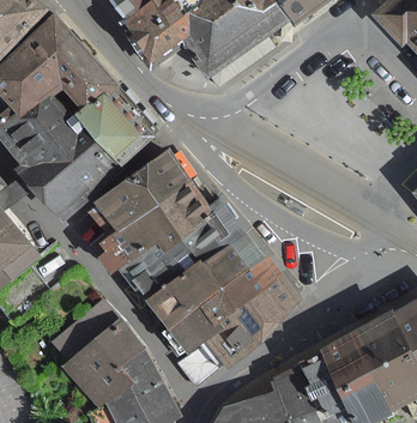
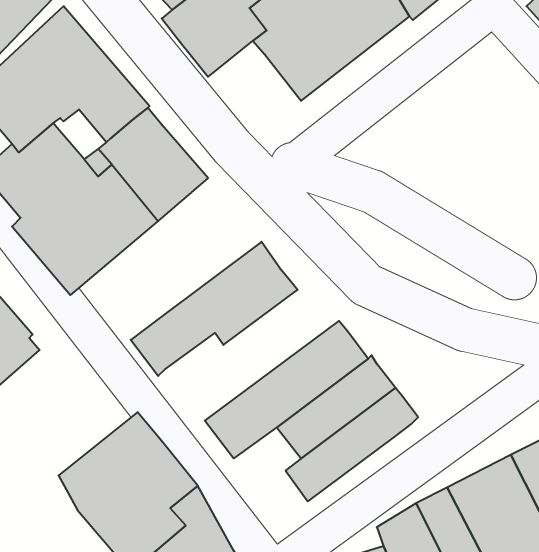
building: [96,150,189,232] -> none
building: [122,200,243,303] -> none
building: [167,308,217,355] -> none

